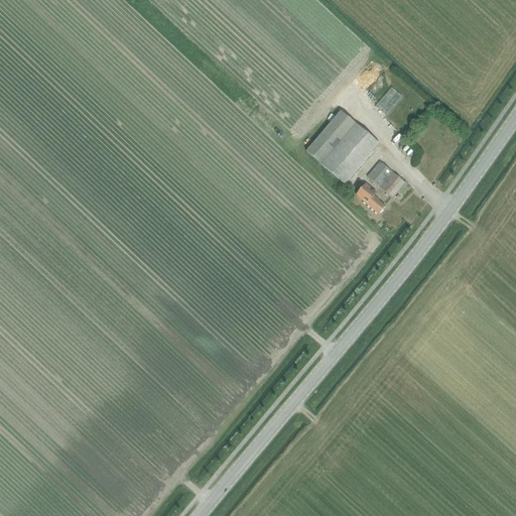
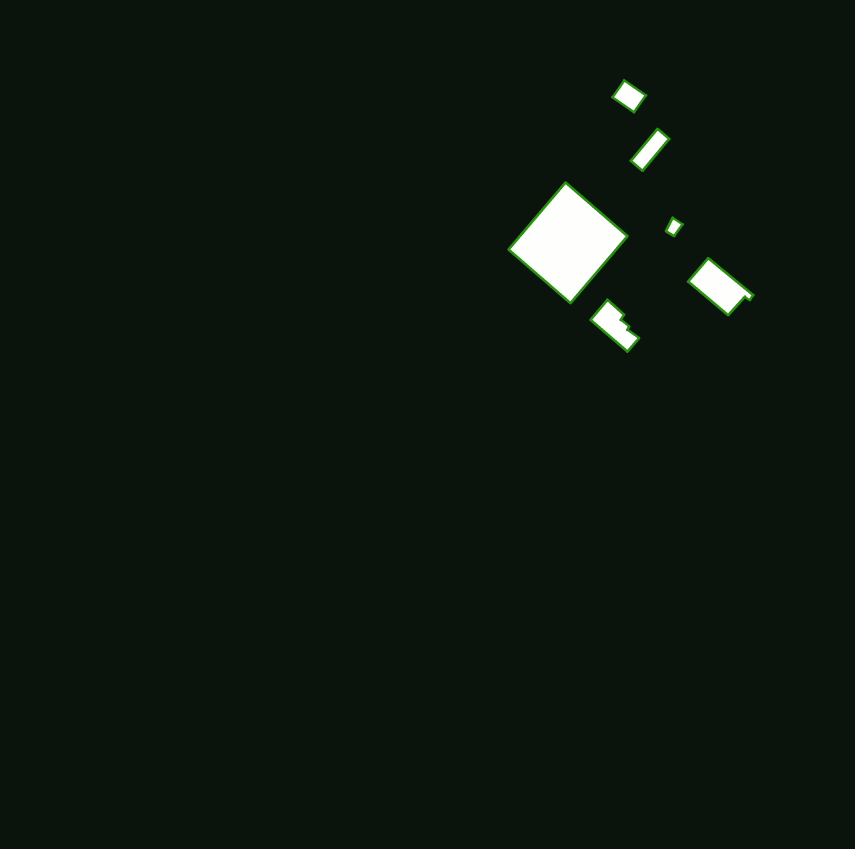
building: [368,160,407,195] -> [688,258,753,315]

